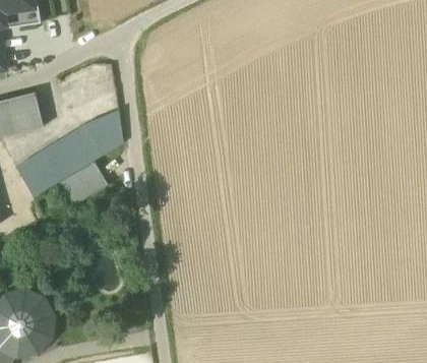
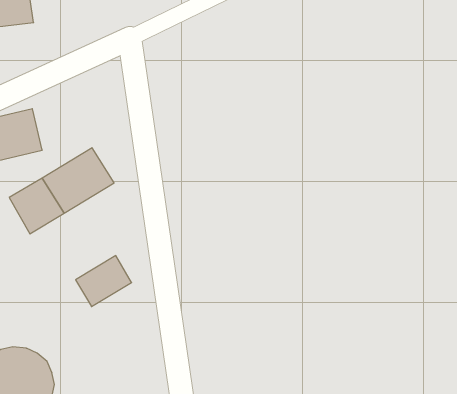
building: [84,111,123,155] -> none
building: [61,163,108,205] -> [76,256,132,307]

